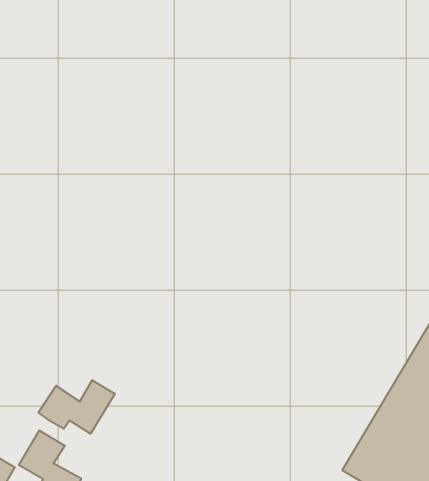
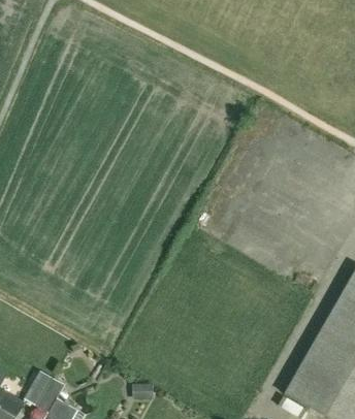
building: [39,380,115,434] -> none

